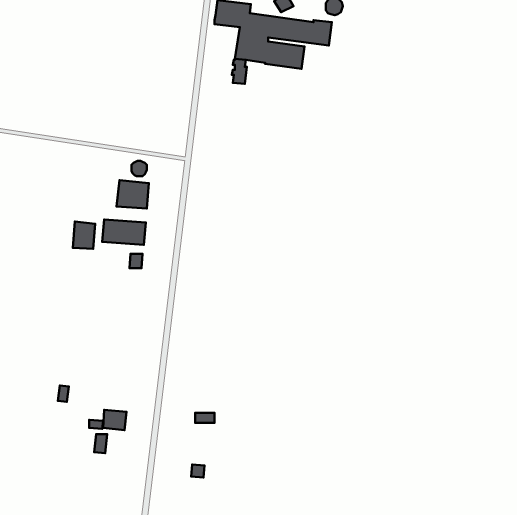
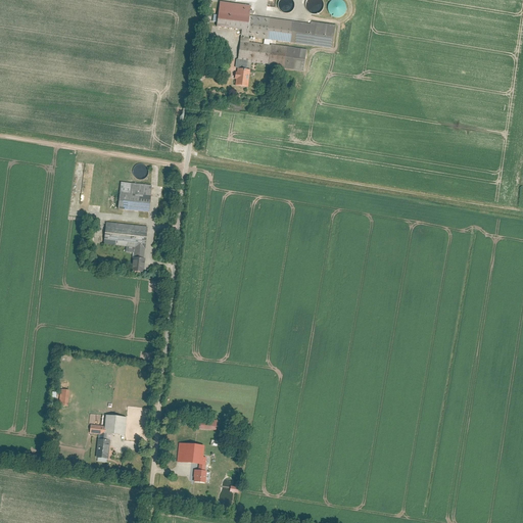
building: [73,222,95,249] -> none
building: none -> [177,442,204,461]

